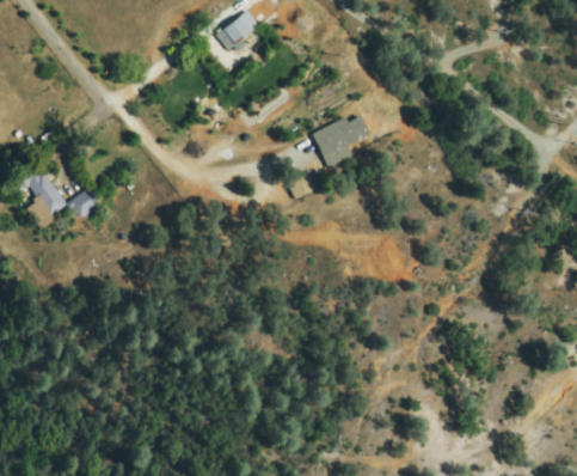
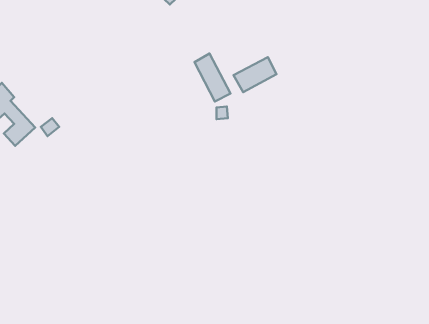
building: none -> [194,54,231,101]

